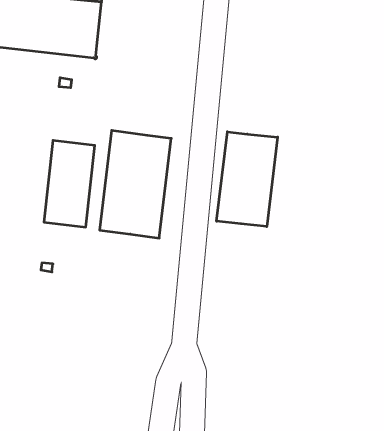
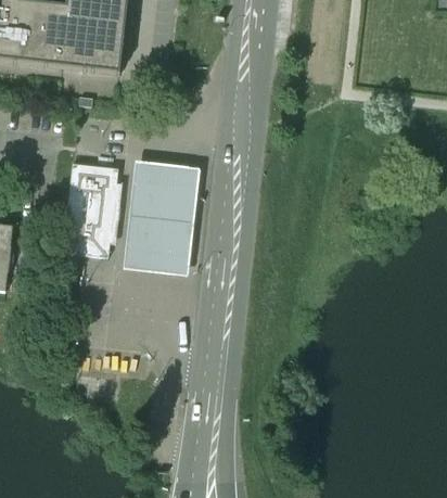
building: [217,132,278,227] -> none

